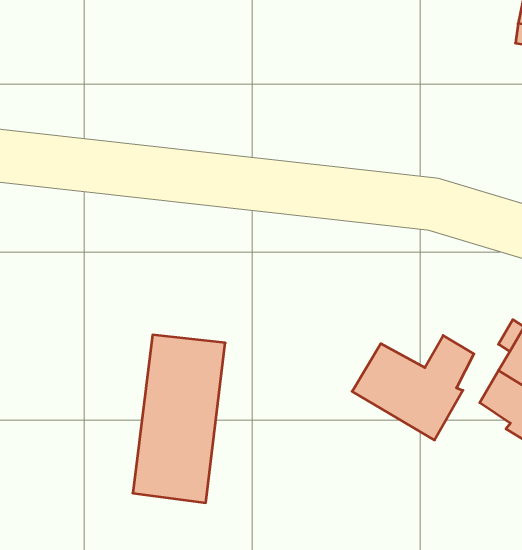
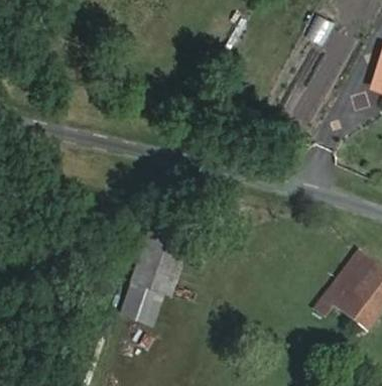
building: [352,335,474,440] -> none

